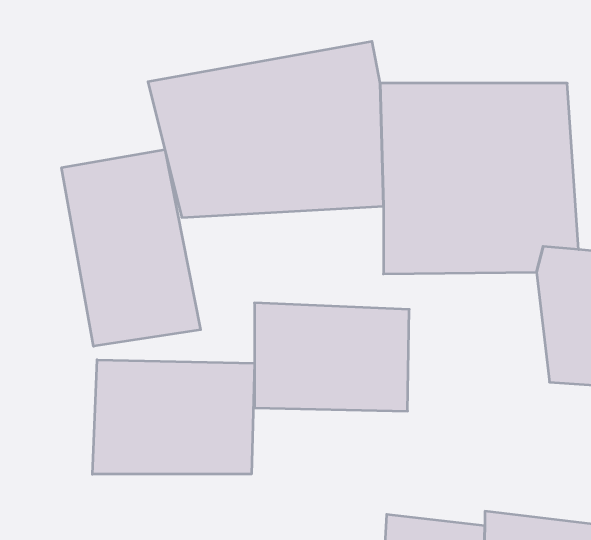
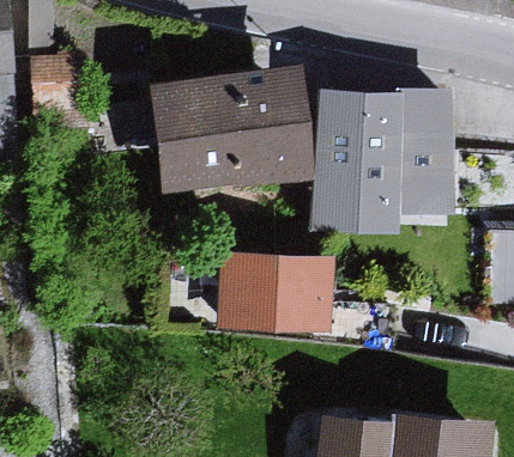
building: [62,150,201,346] -> none
building: [92,360,254,474] -> none

